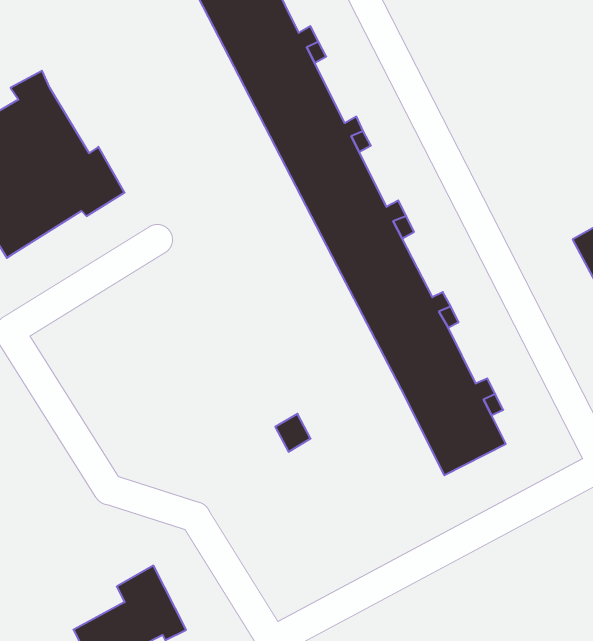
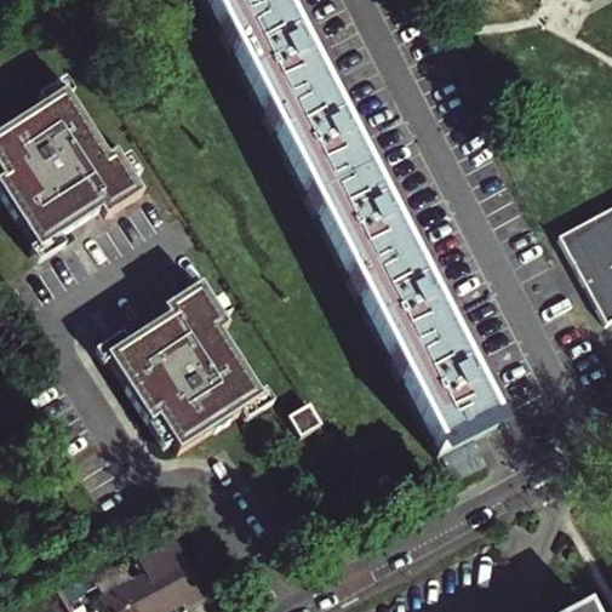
building: none -> [101,278,269,447]

